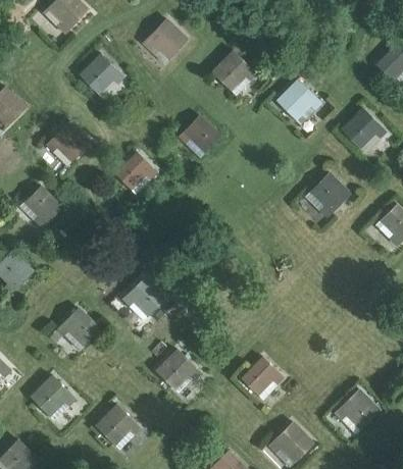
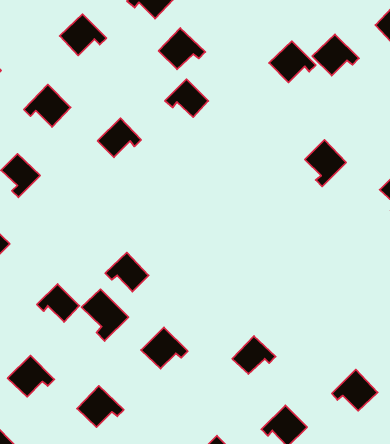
building: [212,51,256,90] -> [159,28,205,69]
building: [342,109,386,148] -> [312,34,359,76]
building: none -> [82,289,128,341]

